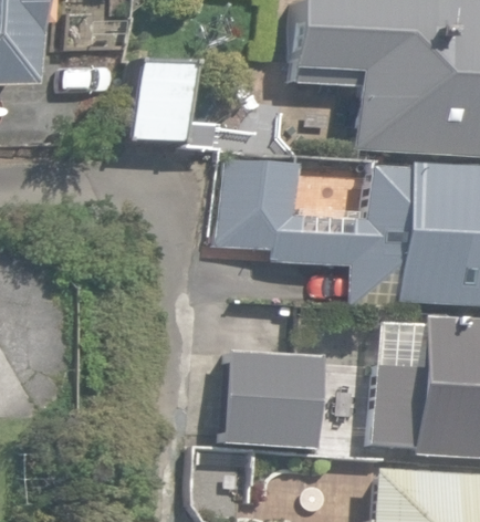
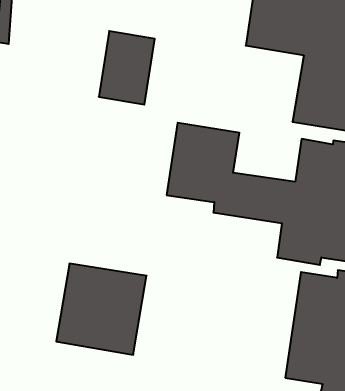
building: [225,349,322,448] -> [56,264,147,355]

